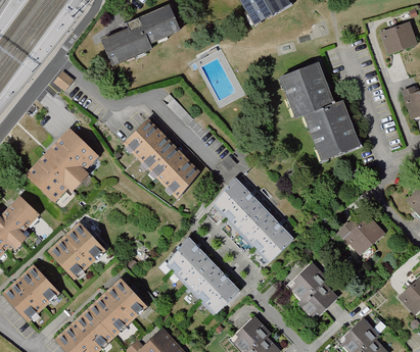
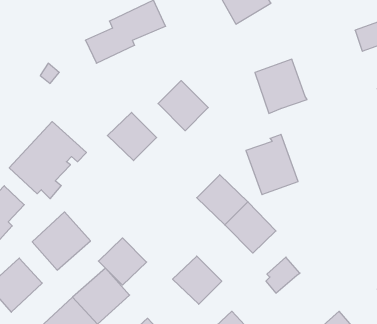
building: [301,98,355,159] -> [246,134,298,195]
building: [151,144,202,195] -> [158,81,208,131]
building: [335,220,379,258] -> none
building: [167,240,216,288] -> [98,238,147,285]
building: [293,284,332,319] -> none

